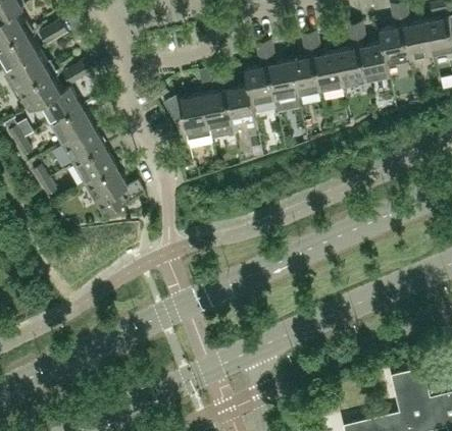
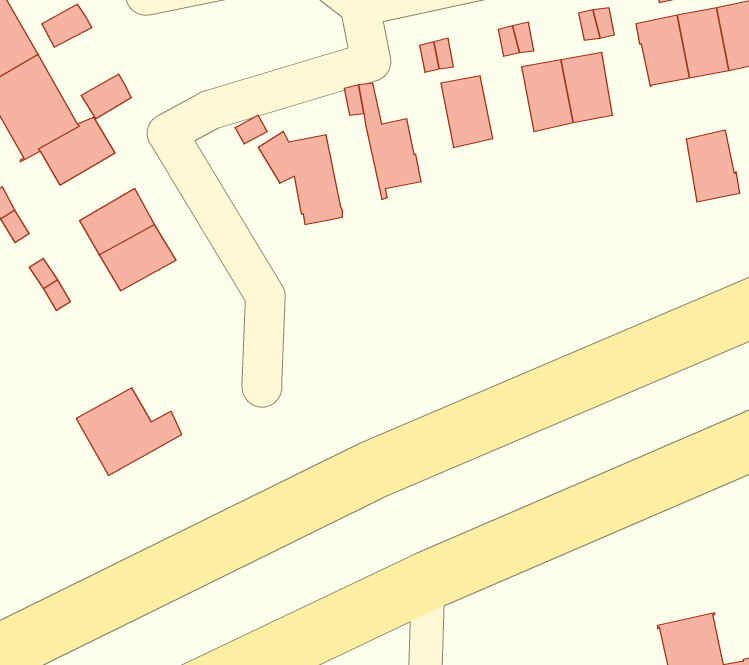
building: [359,44,390,85] -> [686,130,740,202]
building: [290,57,320,98] -> none
building: [245,66,274,107] -> none
building: [202,91,234,139] -> none
building: [50,106,93,145] -> none
building: [85,167,145,217] -> [76,388,182,476]

